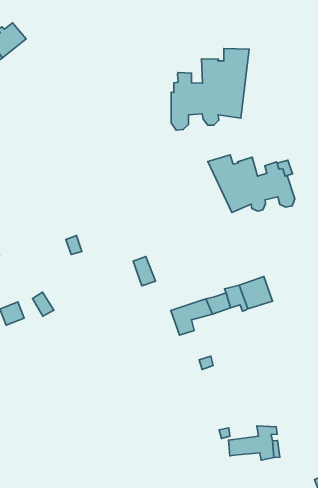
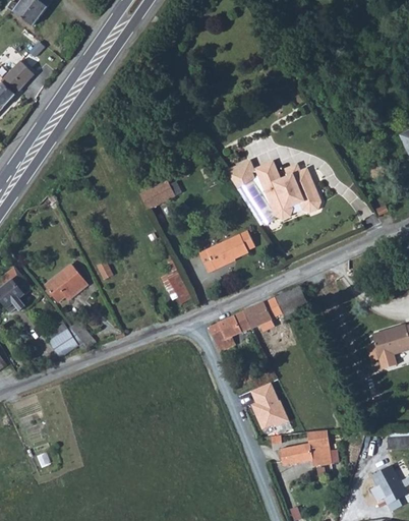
building: [171,48,249,130] -> none
building: none -> [137,180,174,210]
building: none -> [197,230,254,272]
building: none -> [45,264,86,303]
building: none -> [249,385,288,432]

